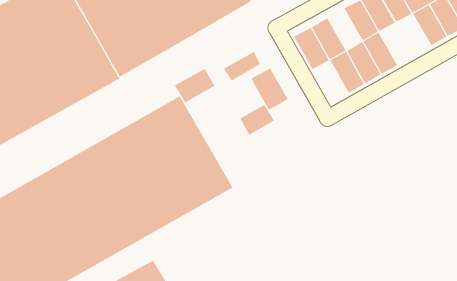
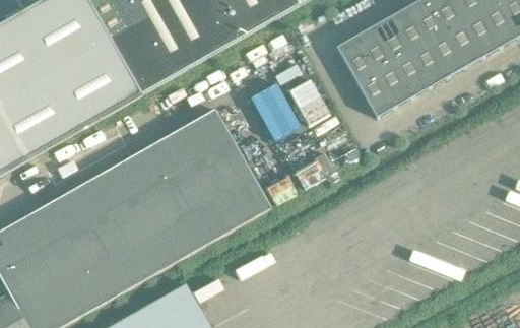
building: none -> [373,14,410,60]
building: none -> [428,20,483,75]
building: [223,51,261,81] -> none
building: none -> [356,70,395,116]
building: [174,68,215,104] -> none
building: [239,104,275,136] -> none

